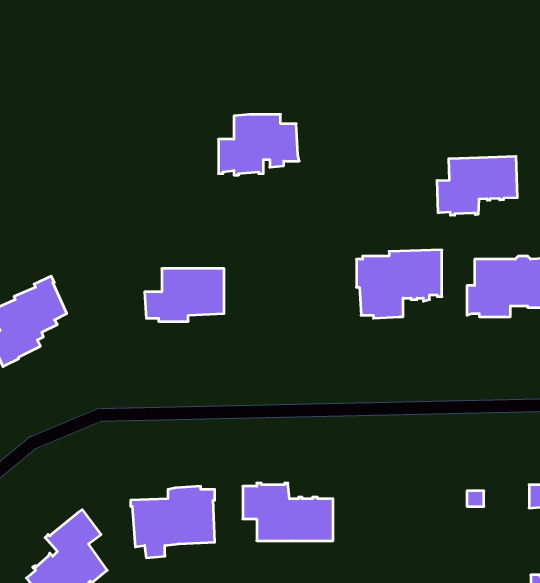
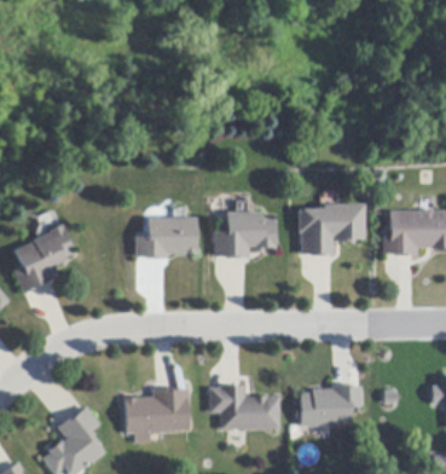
building: [218,114,299,175] -> [214,212,277,259]
building: [437,156,517,215] -> none
building: none -> [301,385,363,427]

